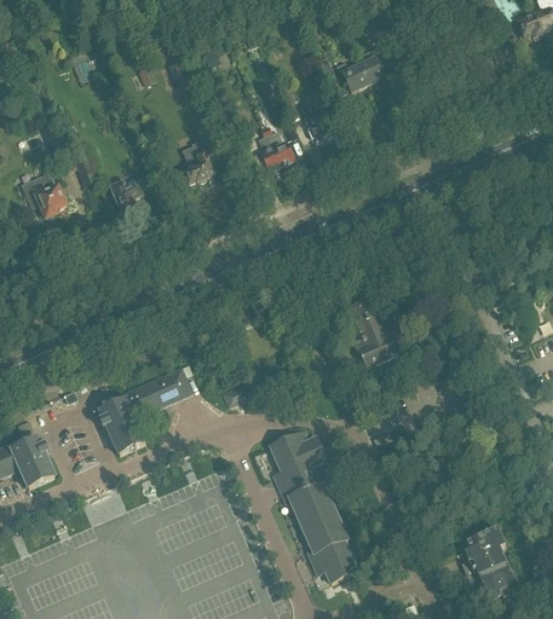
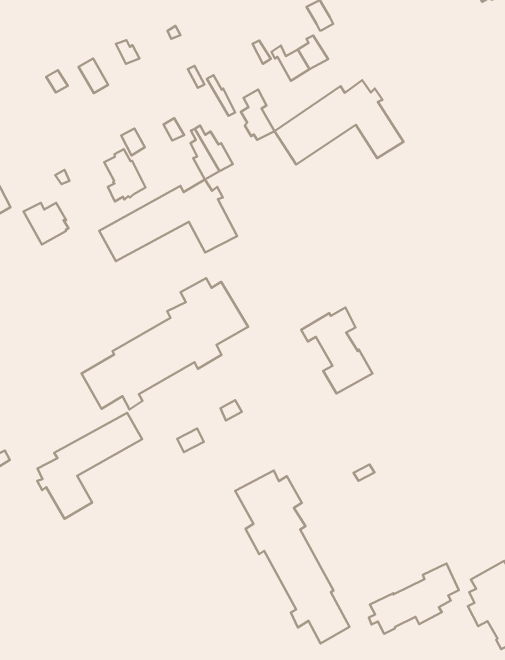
building: none -> [275,80,403,164]
building: none -> [99,179,237,261]
building: none -> [82,278,248,409]
building: none -> [369,563,459,634]

